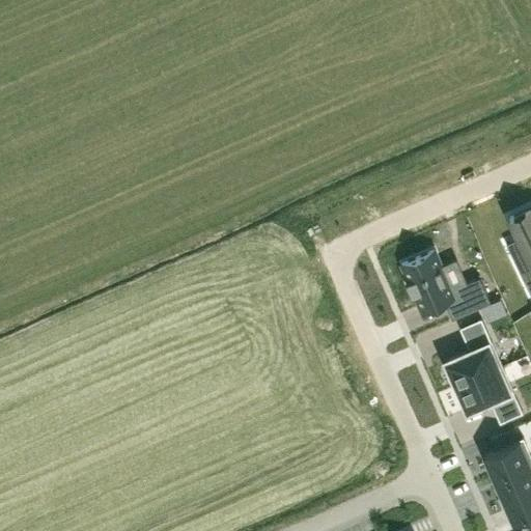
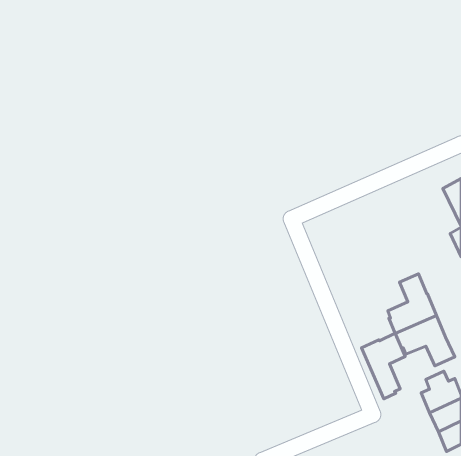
building: [401,253,491,323] -> none
building: none -> [362,333,405,399]

